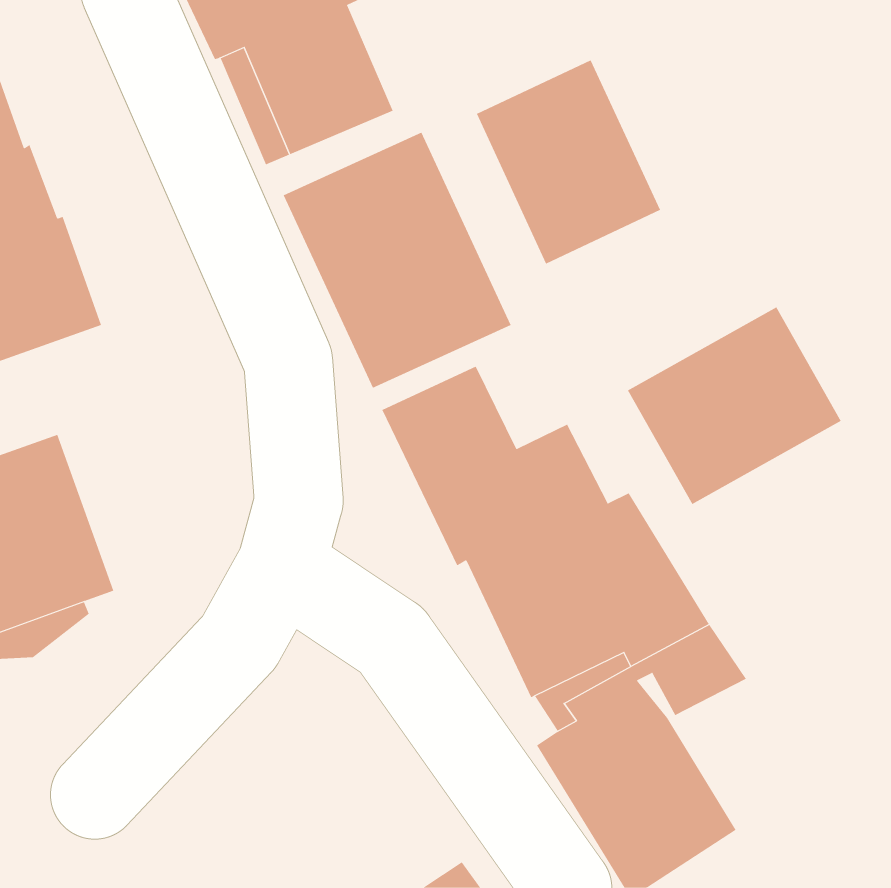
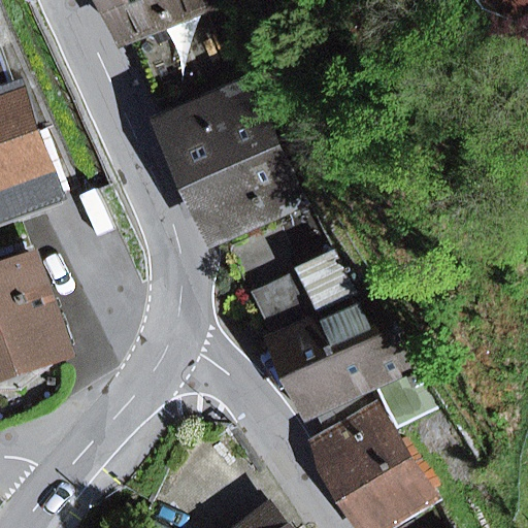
building: [476,59,661,264] -> none
building: [627,306,842,505] -> none

